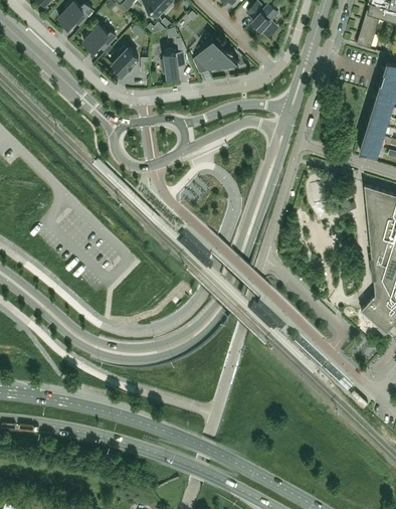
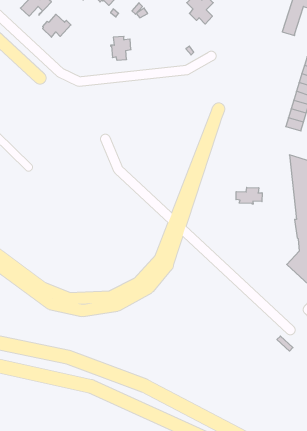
building: [193,39,240,71] -> none
building: [112,48,139,77] -> none
building: none -> [236,187,262,204]

